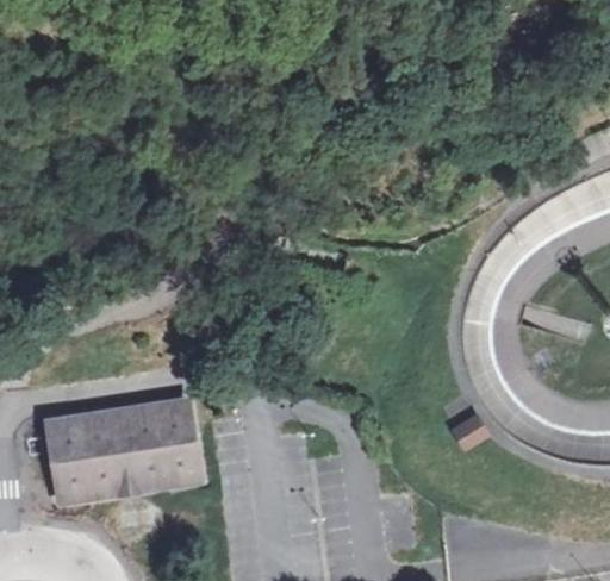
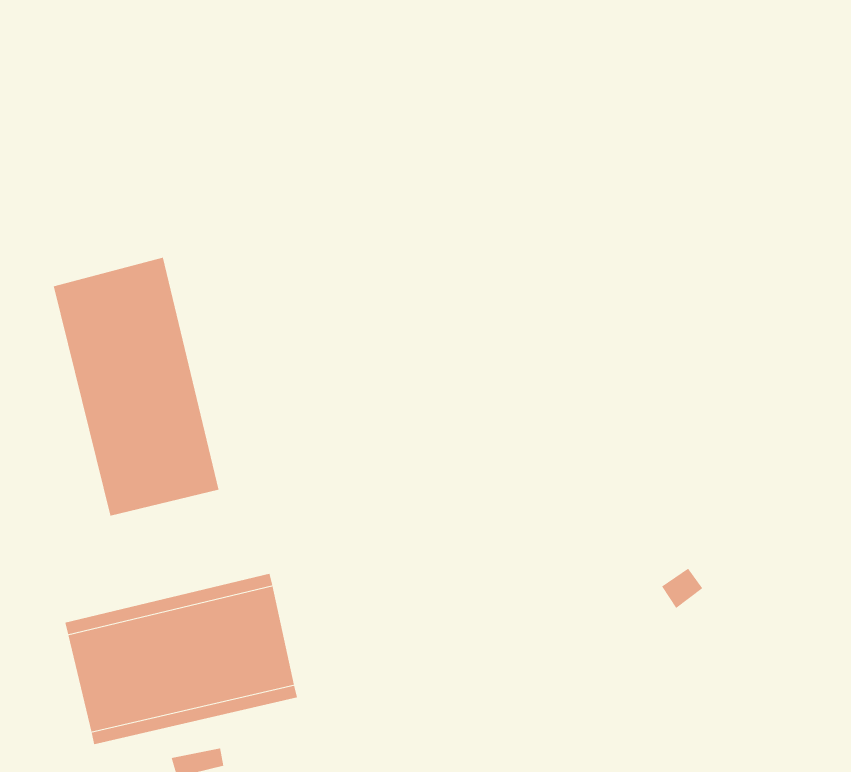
building: none -> [53,257,219,516]

